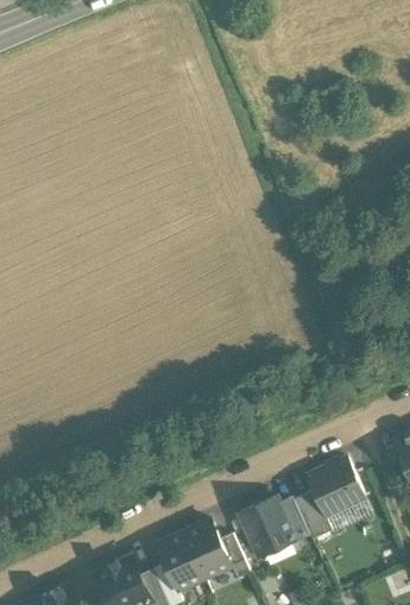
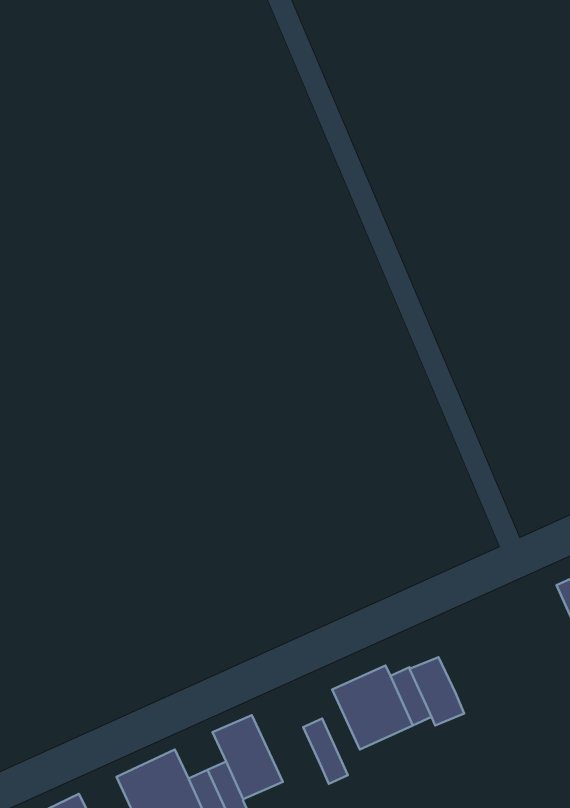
building: [307,459,365,517] -> none
building: [183,521,231,579] -> none

